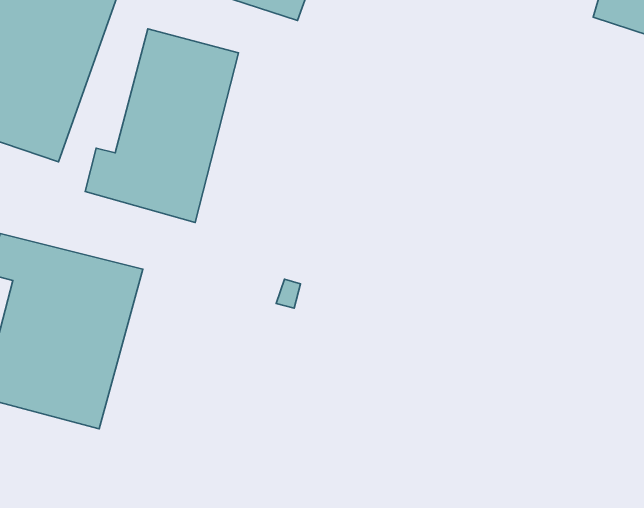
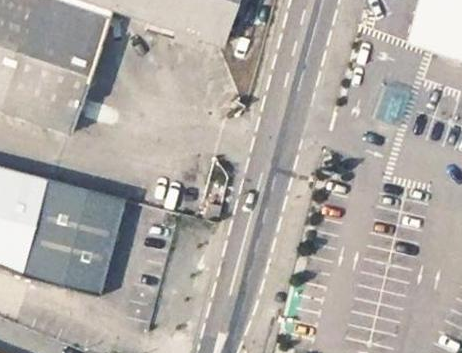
building: [85,29,239,223] -> none

